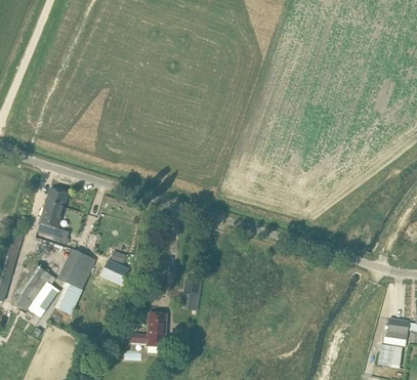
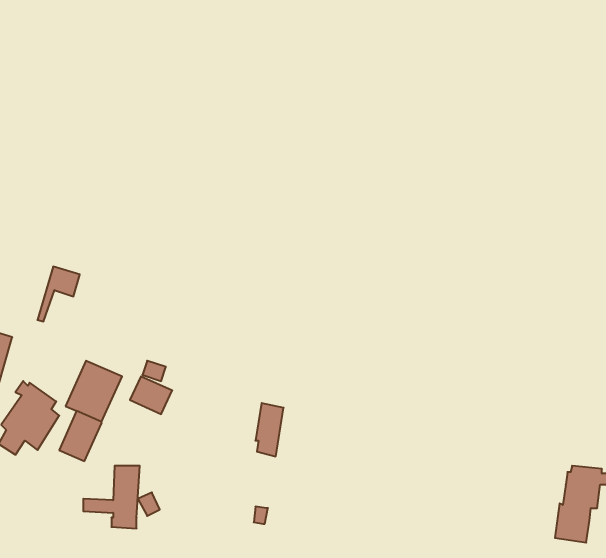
building: [37,203,64,237] -> none
building: [129,312,166,353] -> [83,466,140,528]

